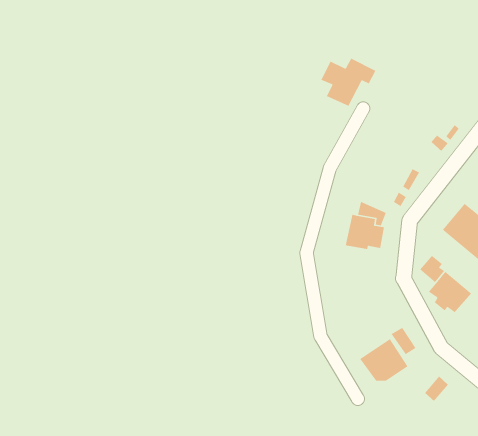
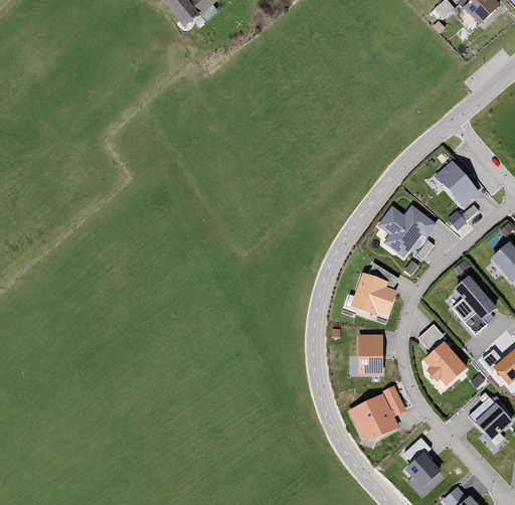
building: [320,57,376,107] -> [380,207,435,254]
building: none -> [436,162,476,203]
building: none -> [358,336,380,373]
building: none -> [407,455,442,489]

